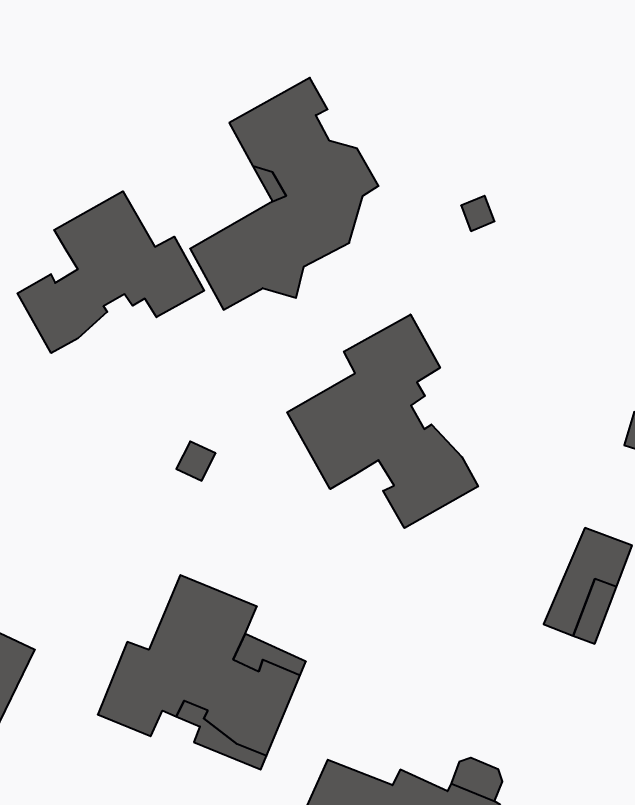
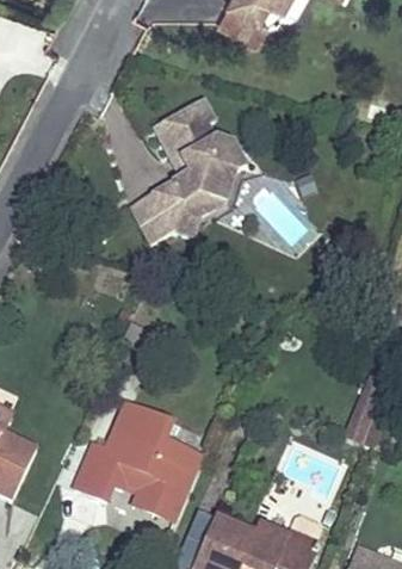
building: [17,191,204,353] -> none
building: [287,314,478,528] -> none

